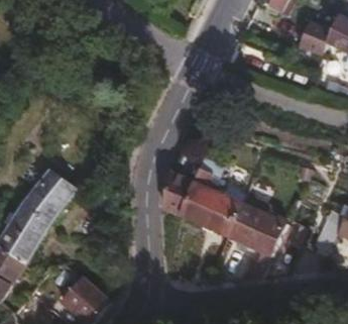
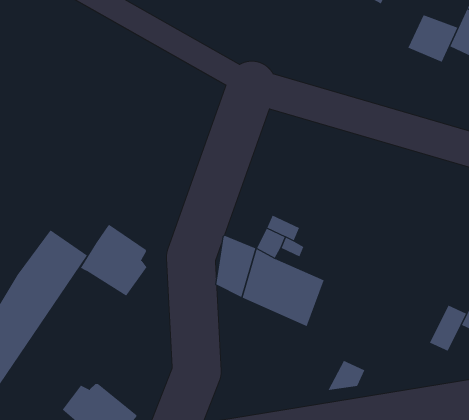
building: none -> [80,224,147,297]
building: [228,204,286,257] -> none

